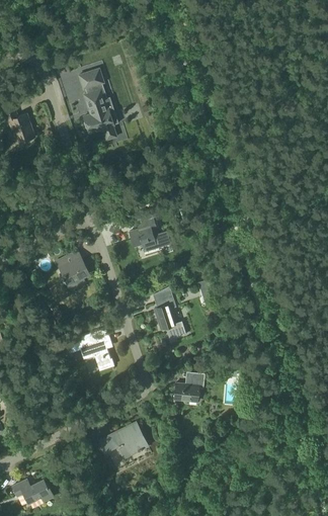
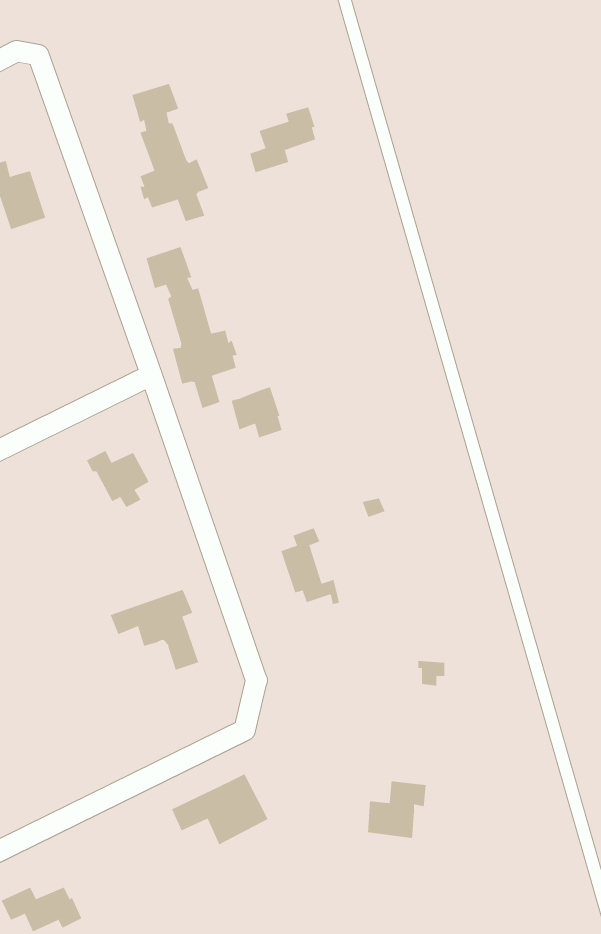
building: none -> [250,107,316,173]
building: none -> [146,246,237,409]
building: [174,372,204,402] -> [367,781,427,838]

